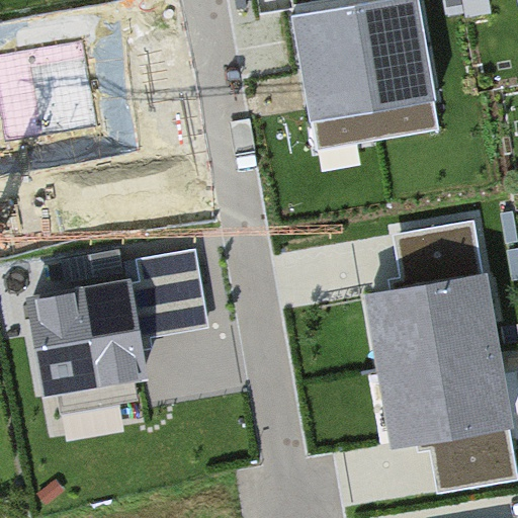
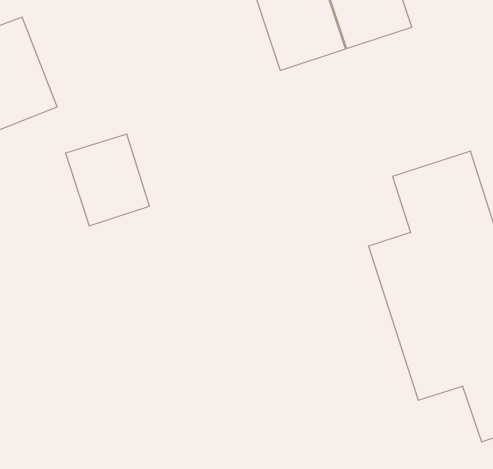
building: [138,252,207,331] -> [66,134,149,226]
building: [29,285,143,392] -> none

